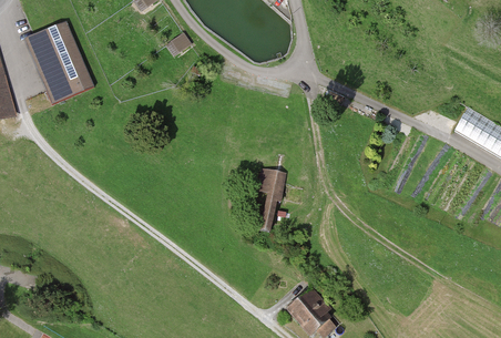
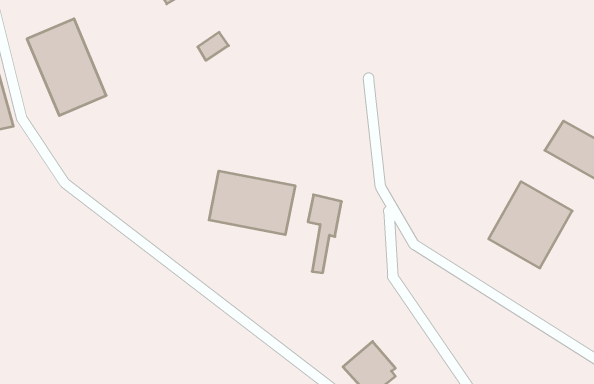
building: none -> [209,171,295,235]
building: none -> [489,182,572,268]

